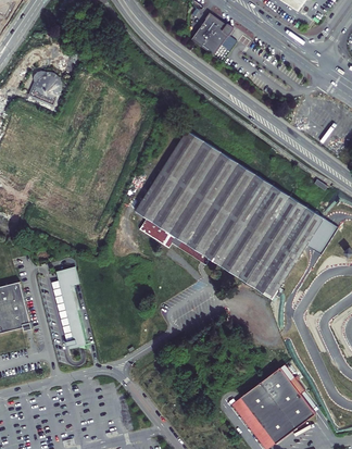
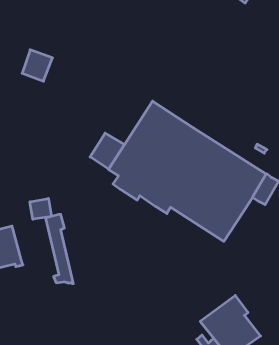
building: [191,14,234,55] -> none
building: none -> [90,133,124,169]
building: none -> [30,198,51,219]

